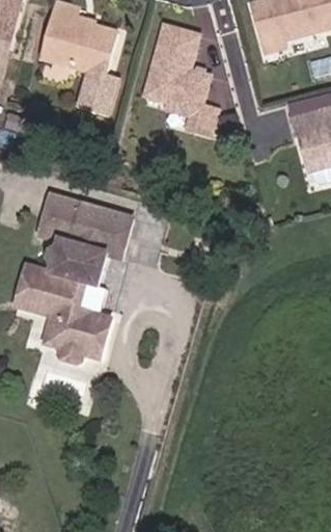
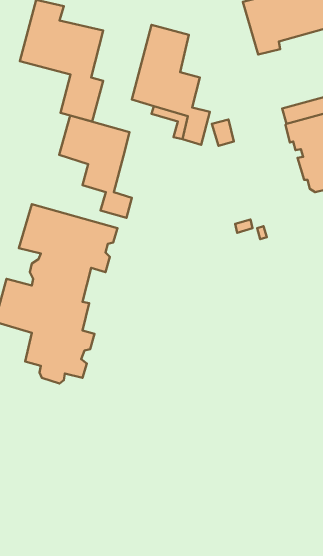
building: none -> [59,116,132,218]

